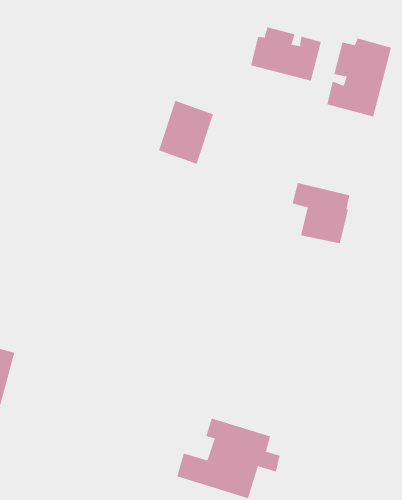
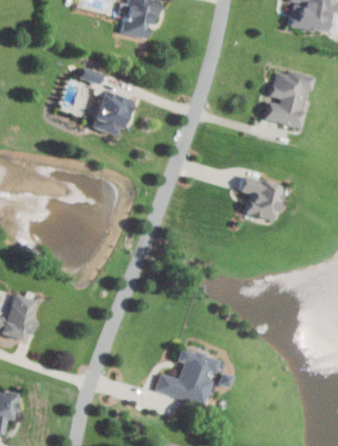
building: [251,27,321,82] -> none
building: [158,100,214,164] -> [92,90,132,137]

